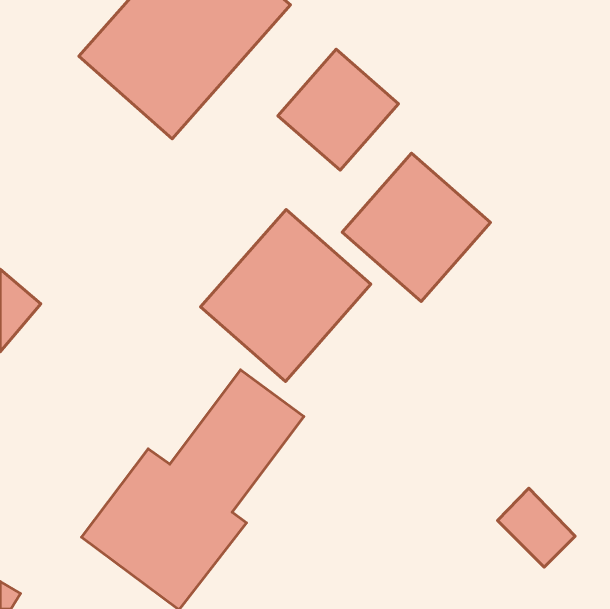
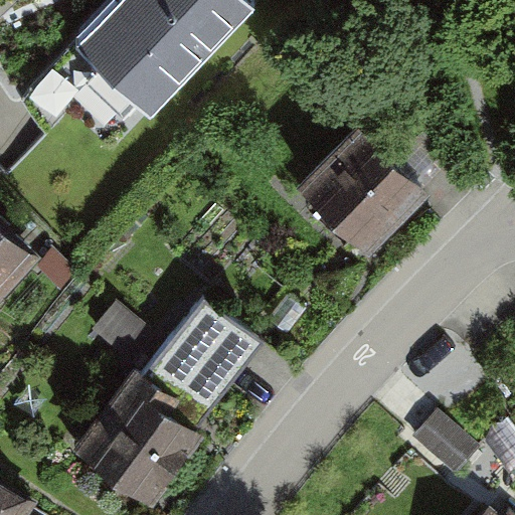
building: [278,49,398,170] -> none
building: [201,210,371,381] -> none

